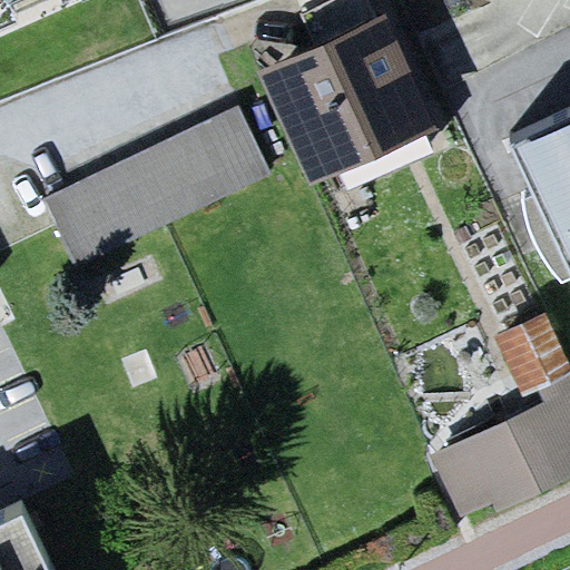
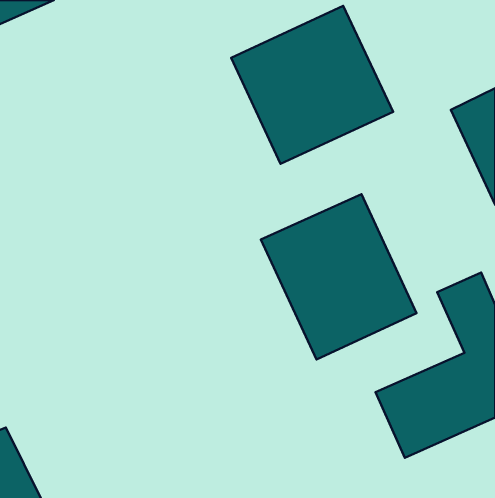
building: [42,107,272,266] -> none
building: none -> [261,194,417,359]

